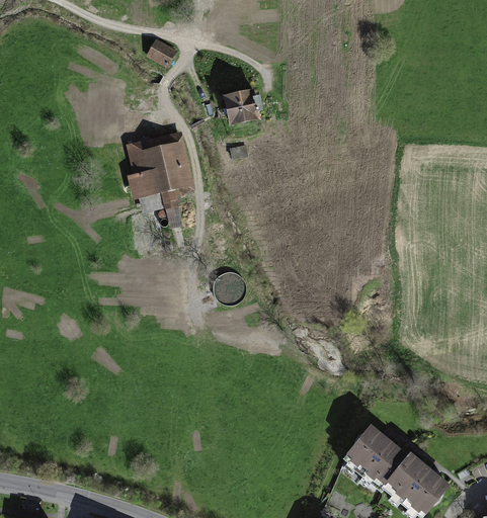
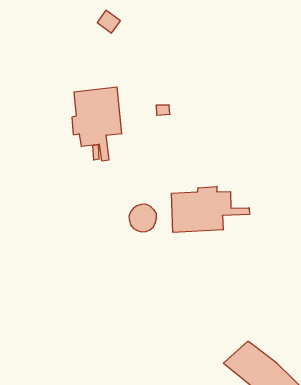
building: [227,87,260,124] -> none
building: none -> [172,186,249,232]

